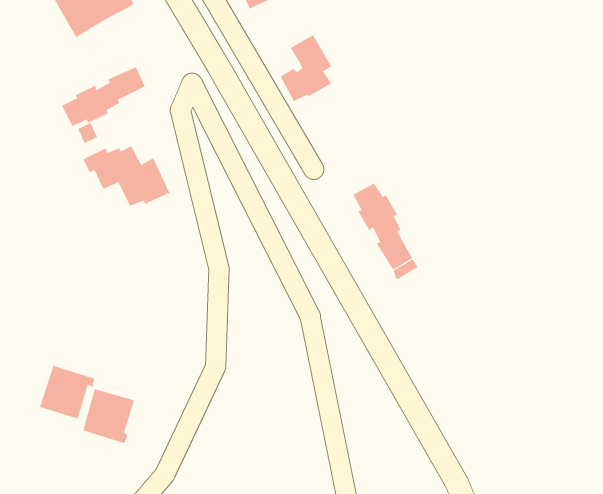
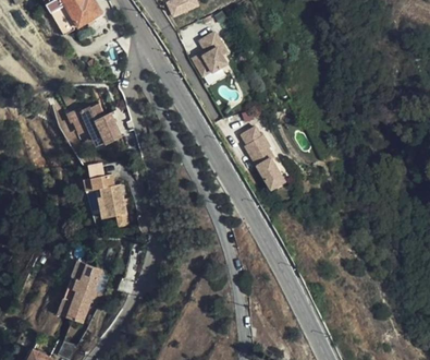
building: [61,67,146,126] -> none
building: none -> [85,173,127,216]
building: [39,365,95,419] -> [58,289,94,324]

